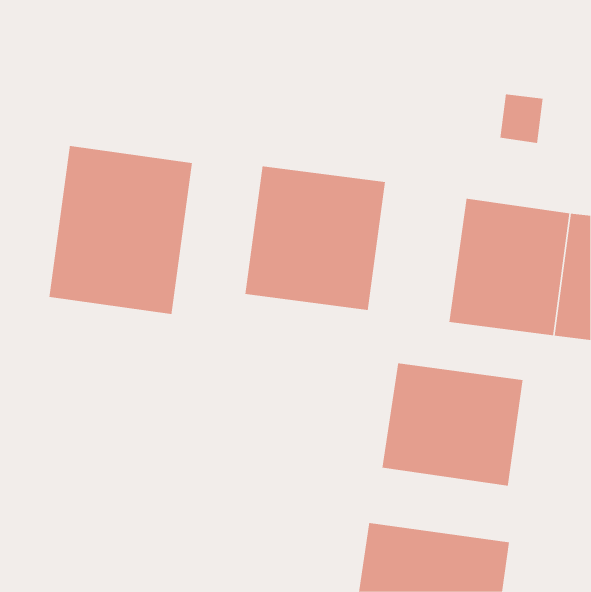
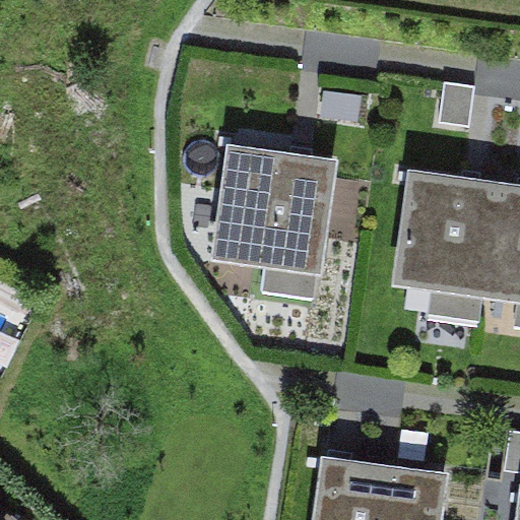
building: [49,145,192,315] -> none
building: [382,363,523,486] -> none

